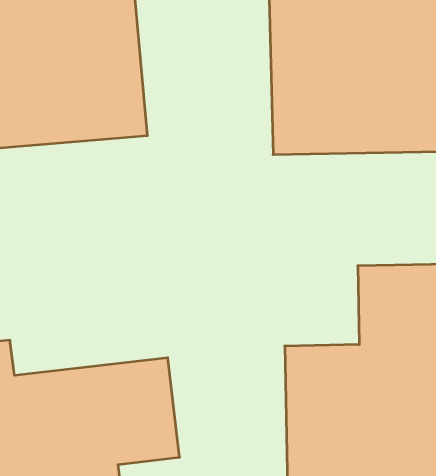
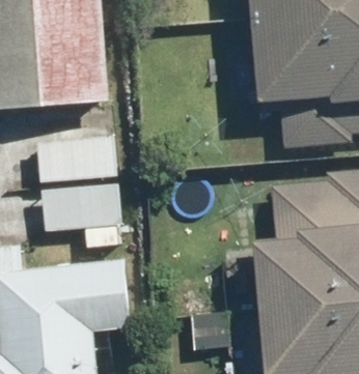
building: none -> [39,134,123,229]

